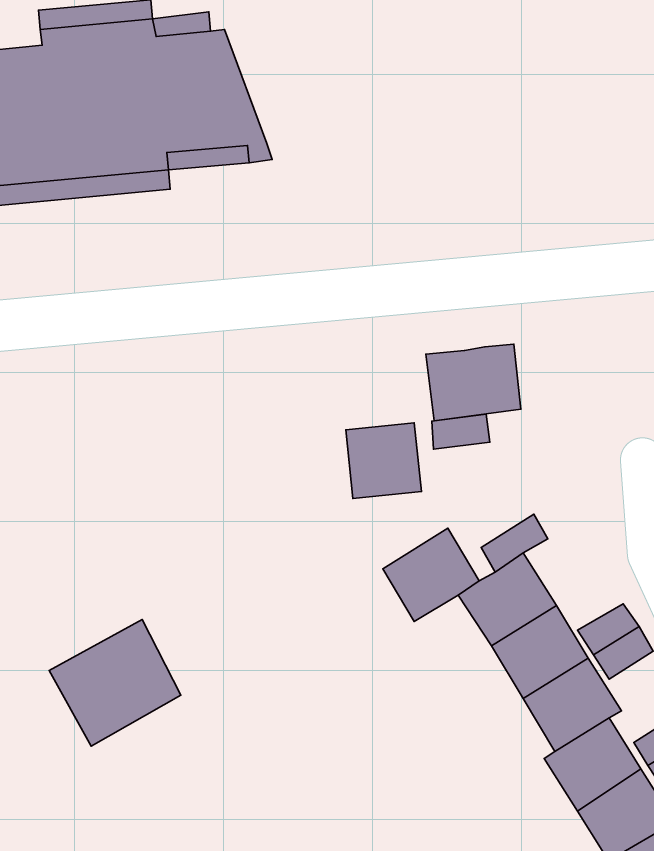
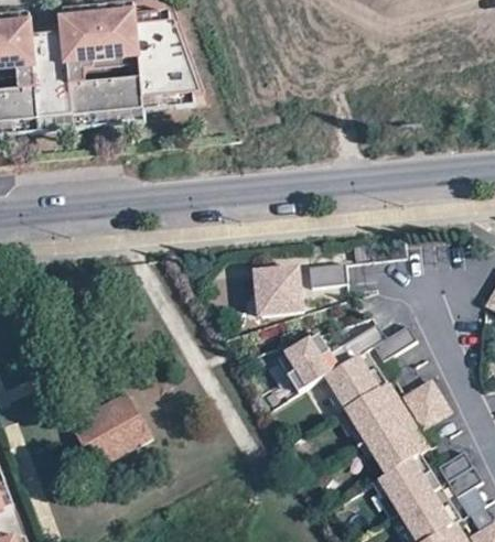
building: [426,344,521,421] -> none

